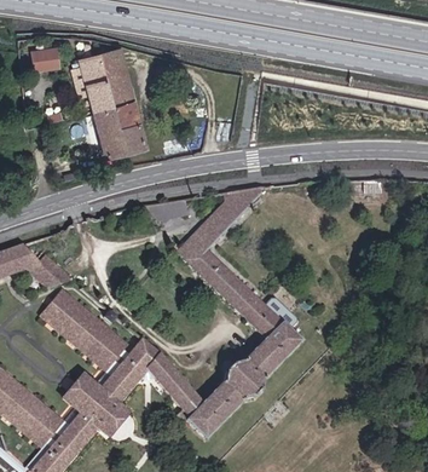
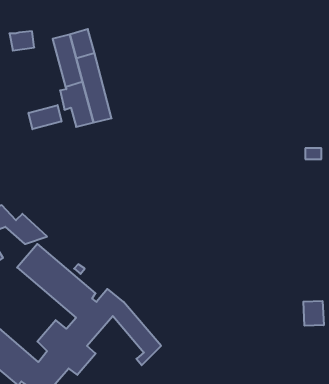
building: none -> [29,105,61,129]
building: [177,186,300,438] -> none
building: none -> [303,301,324,326]

